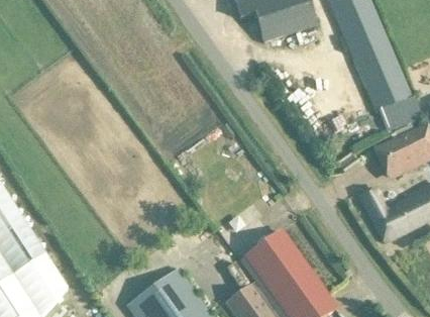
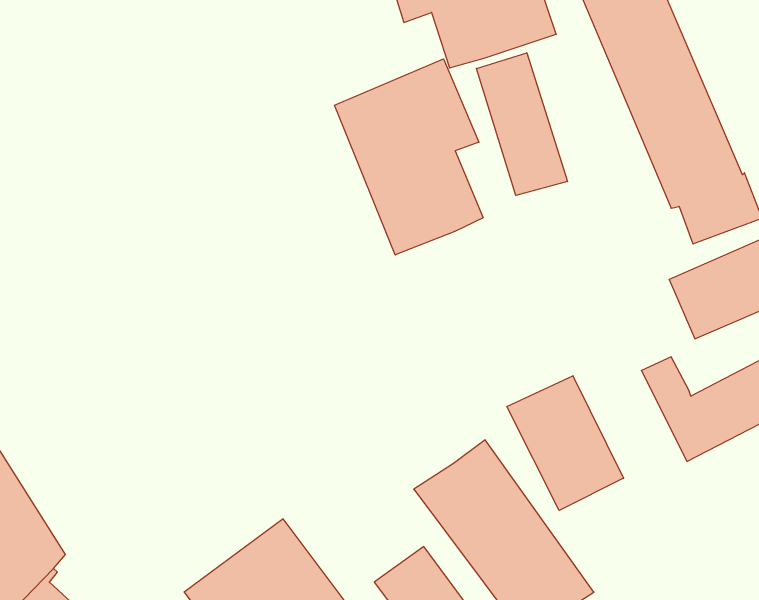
building: none -> [476,53,567,195]
building: none -> [334,59,483,255]
building: none -> [507,376,624,510]

